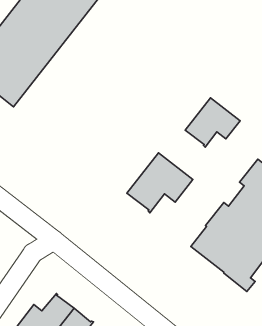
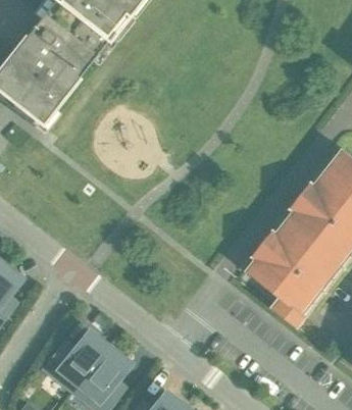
building: [185,98,240,147] -> none
building: [127,153,193,213] -> none

